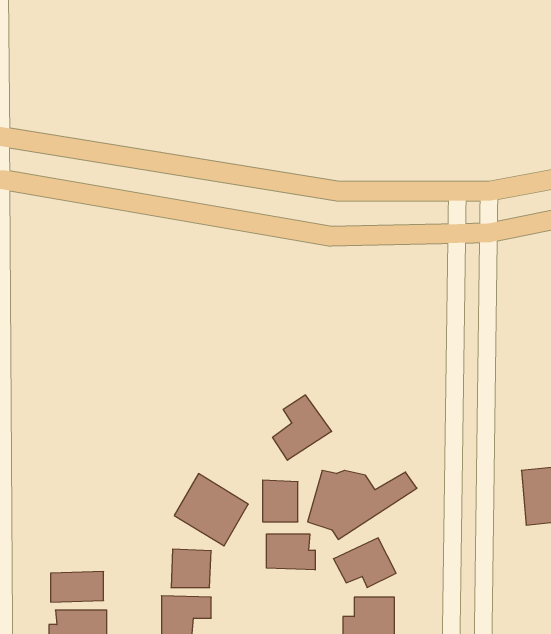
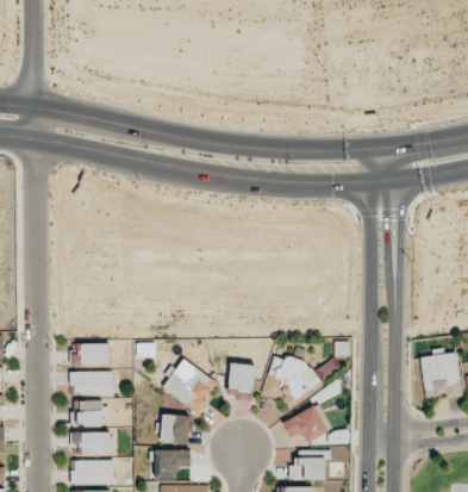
building: [273,395,332,460] -> none
building: none -> [71,343,110,366]
building: none -> [69,370,113,396]
building: none -> [70,400,106,426]
building: [267,534,315,570] -> none

